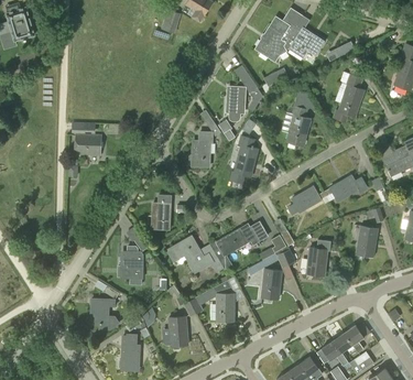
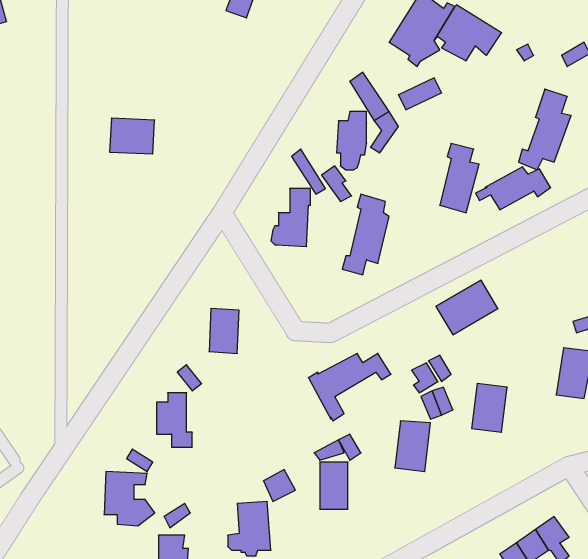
building: [75,134,101,155] -> [110,118,155,154]
building: [324,175,368,200] -> [476,167,551,210]
building: [166,235,224,272] -> none

